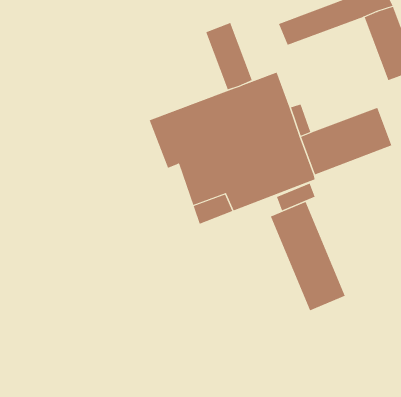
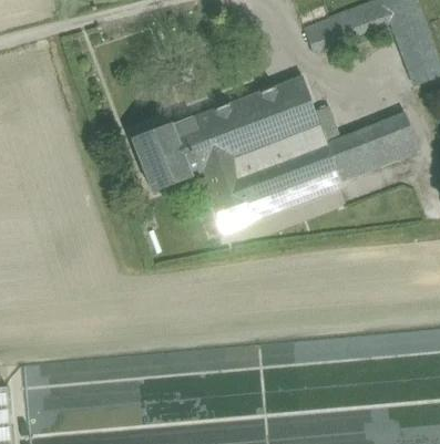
building: [206,22,252,90] -> none
building: none -> [132,122,193,192]
building: [270,201,345,311] -> none

